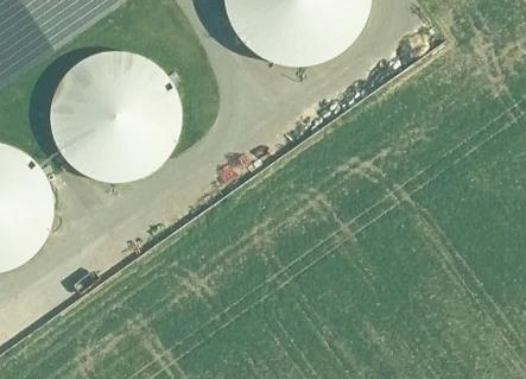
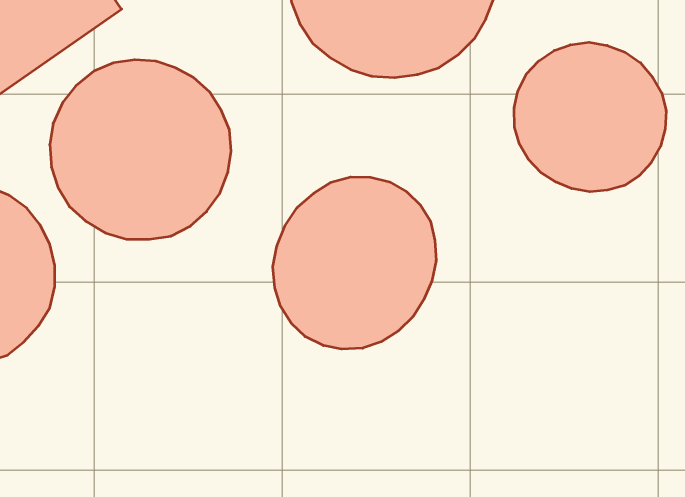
building: none -> [514,42,666,192]
building: none -> [273,177,436,349]

